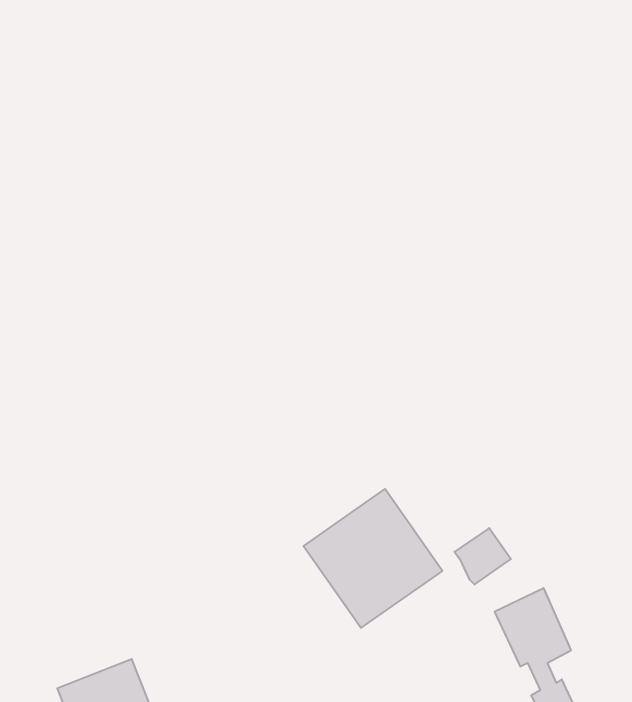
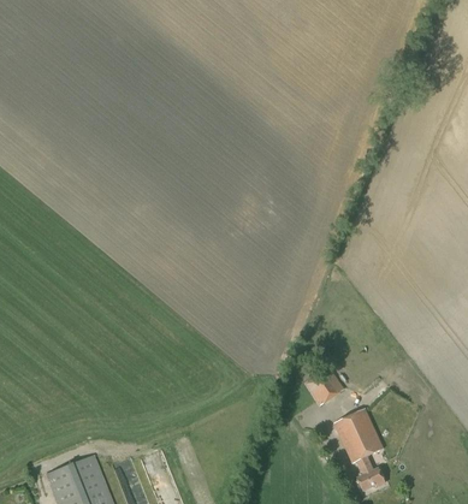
building: [304,489,442,628] -> none

